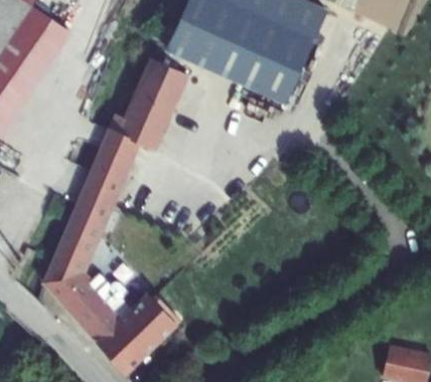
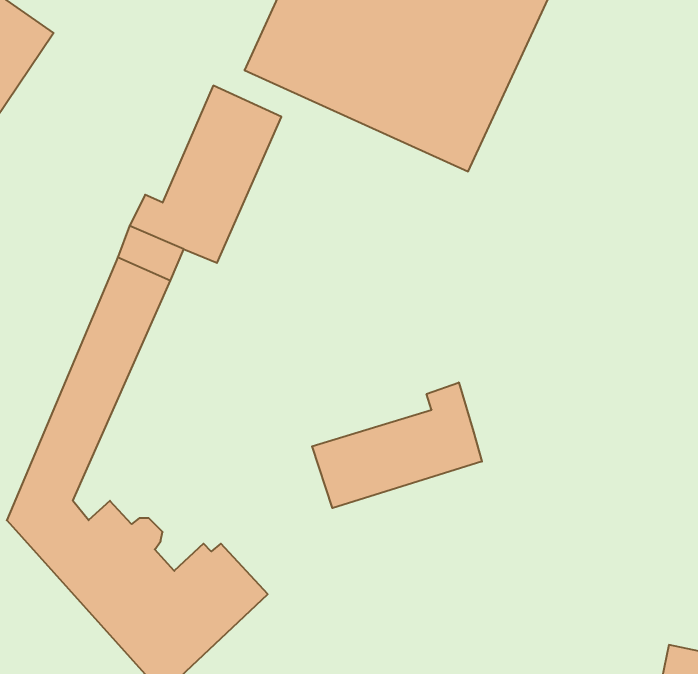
building: none -> [312,382,482,508]

